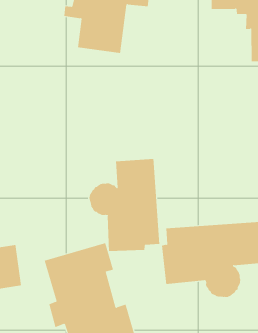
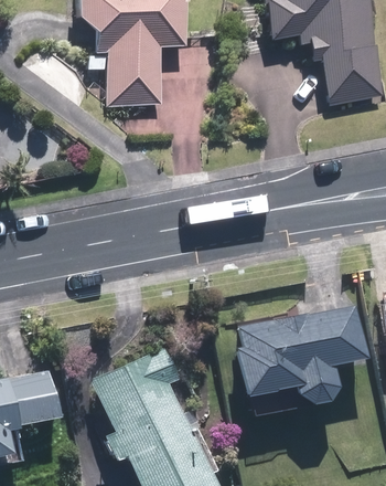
building: [89,158,160,252] -> none

